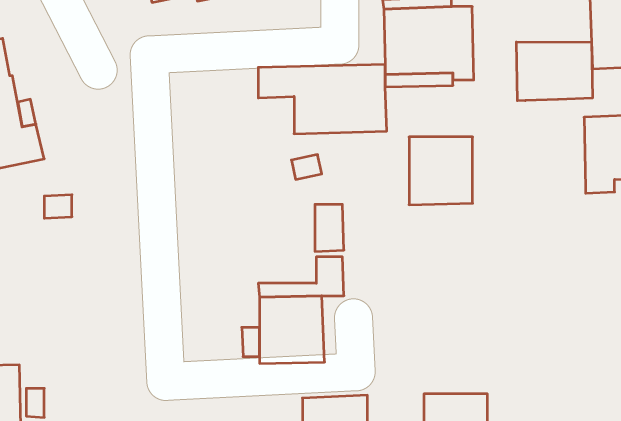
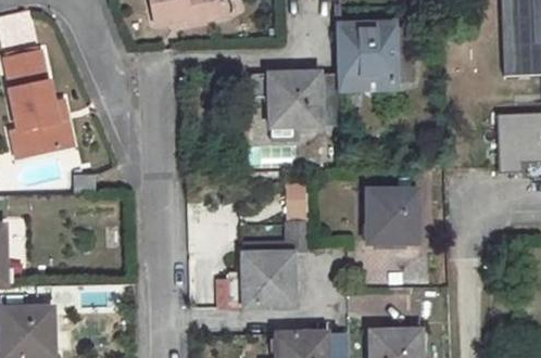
building: [516,42,592,101] -> none
building: [409,137,473,205] -> [367,190,417,243]

